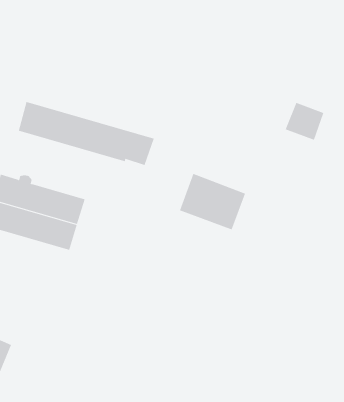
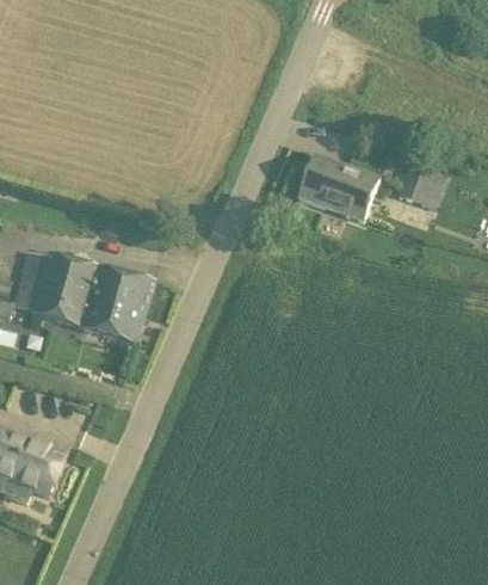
building: [18,101,154,166] -> none
building: [179,173,246,230] -> [296,154,377,223]

